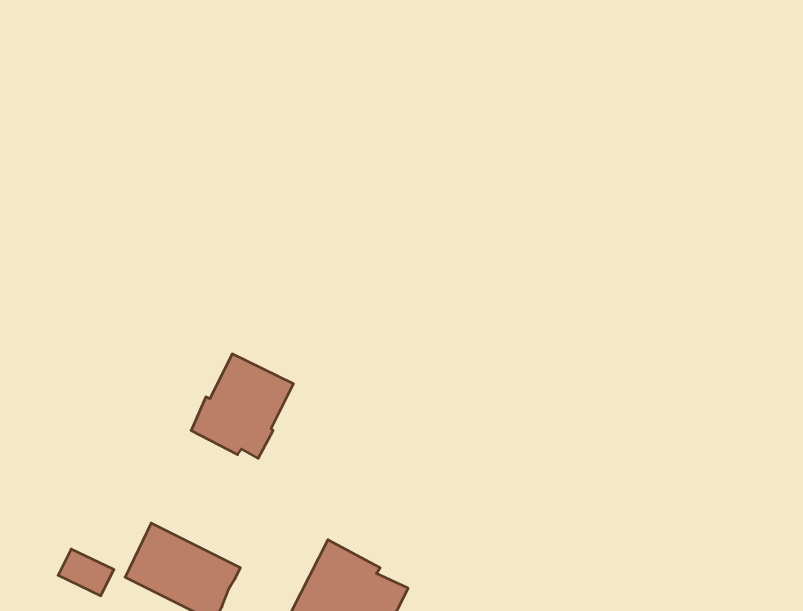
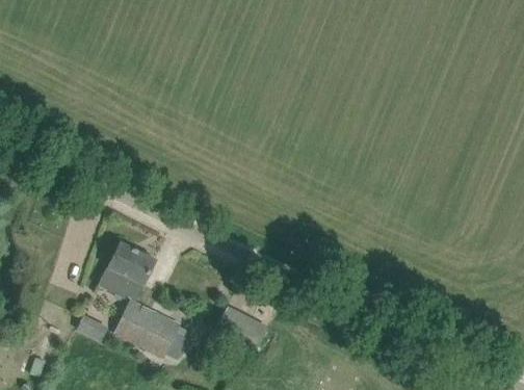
building: [191,354,293,458] -> [99,242,156,301]

